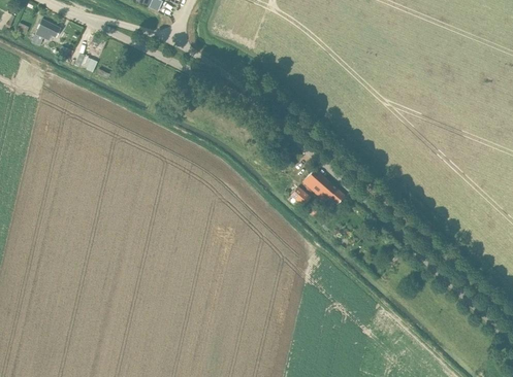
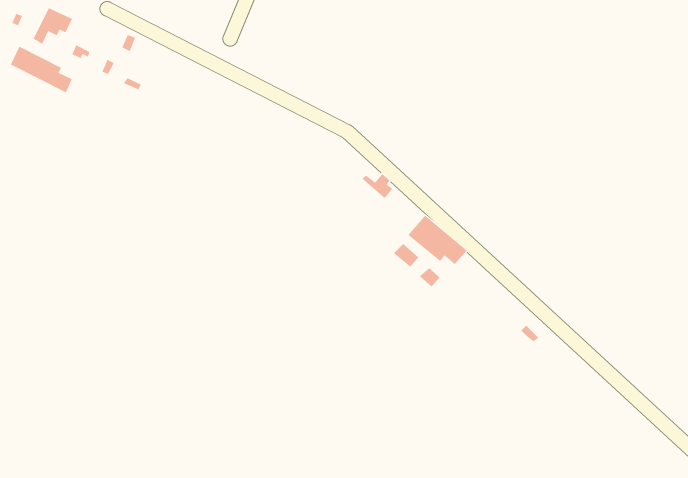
building: none -> [10,46,72,93]

